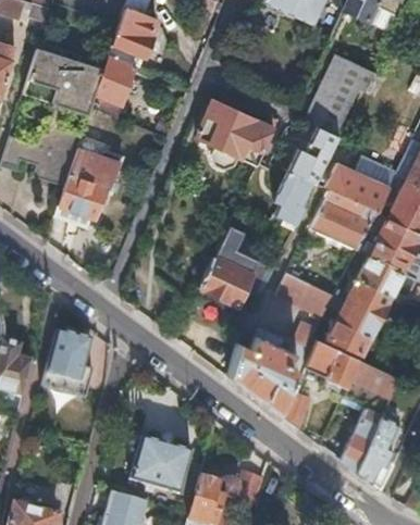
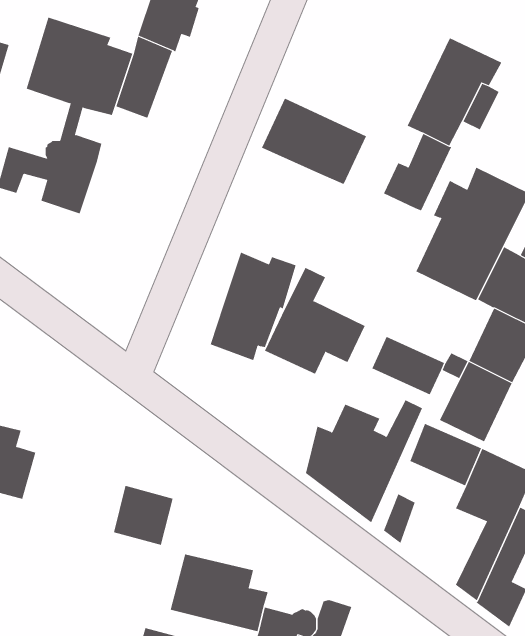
building: [54,146,119,226] -> [210,252,297,361]
building: [275,170,311,229] -> none
building: [46,329,90,374] -> [113,485,173,546]

